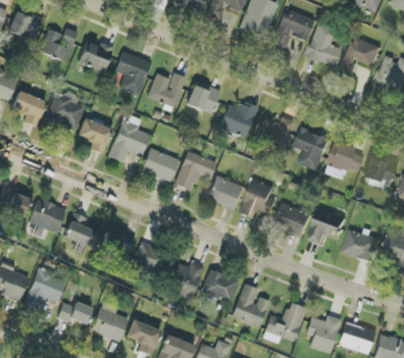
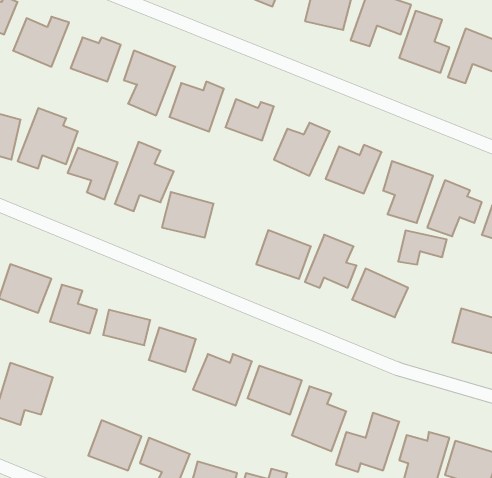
building: [174,151,216,191] -> none
building: [309,219,343,243] -> [398,231,447,264]
building: [58,302,91,325] -> none

